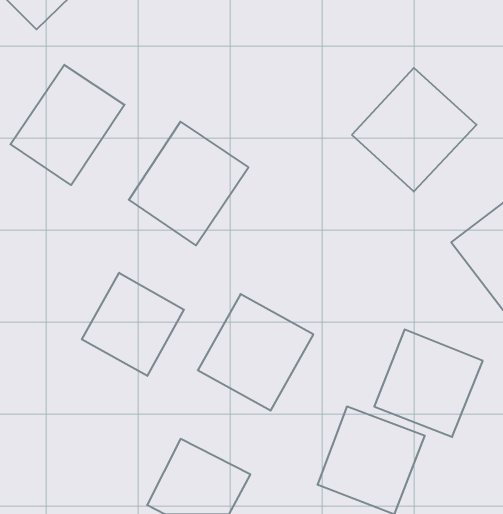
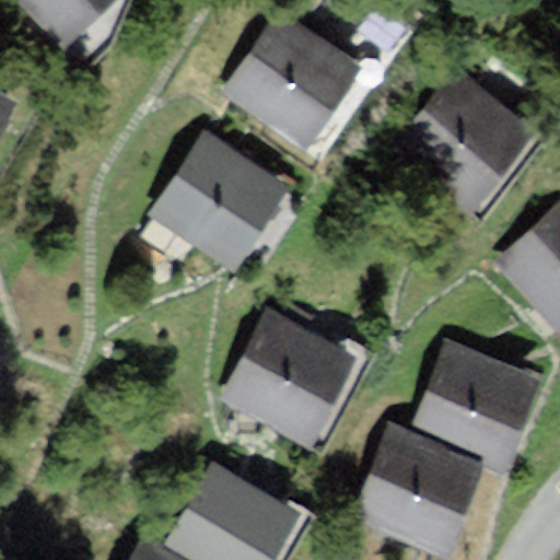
building: none -> [230,18,358,147]
building: [10,65,125,185] -> none
building: [82,273,184,376] -> none

